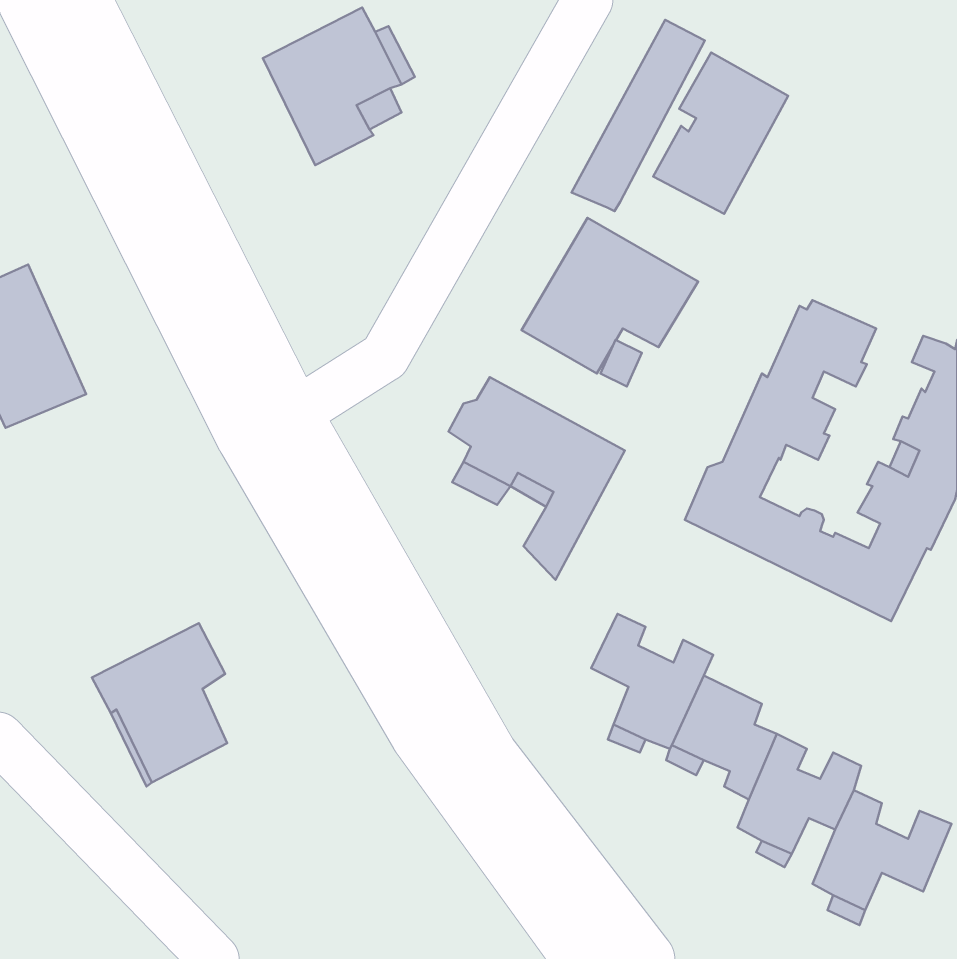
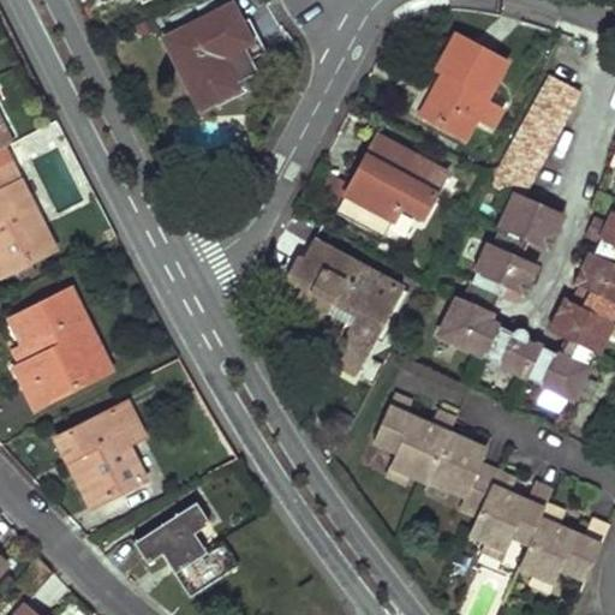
building: [572,20,705,211] -> [489,76,574,198]
building: none -> [12,289,107,405]
building: none -> [136,501,238,595]

